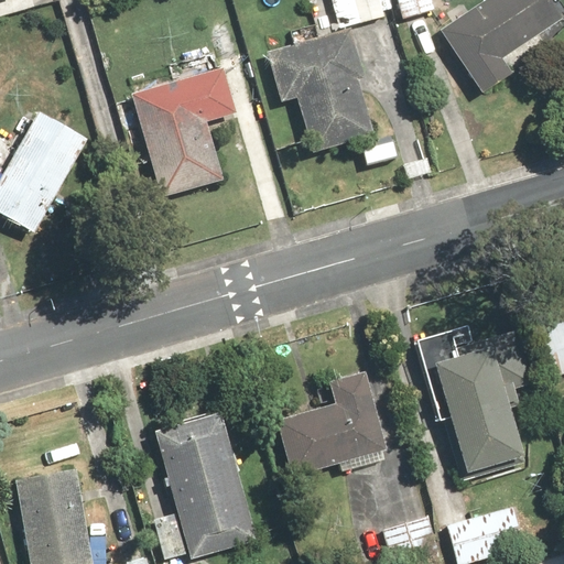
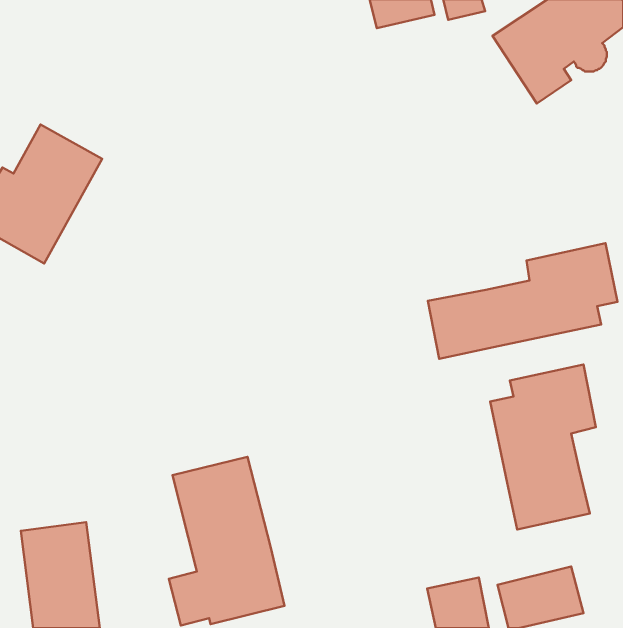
building: [263,31,375,148] -> none
building: [131,69,236,197] -> none
building: none -> [428,243,617,359]
building: [274,365,386,475] -> none

